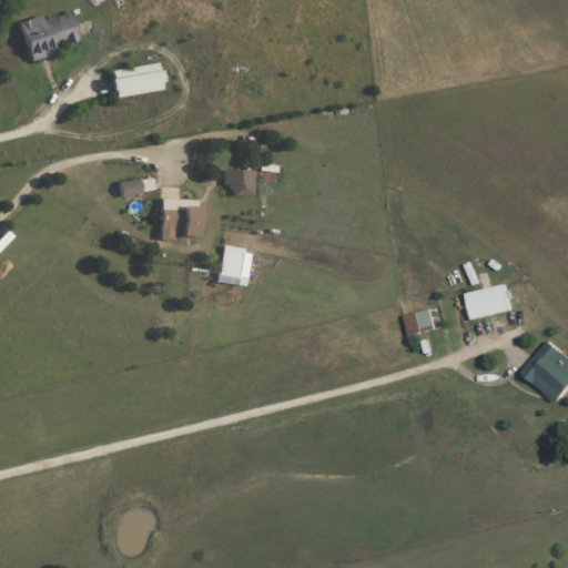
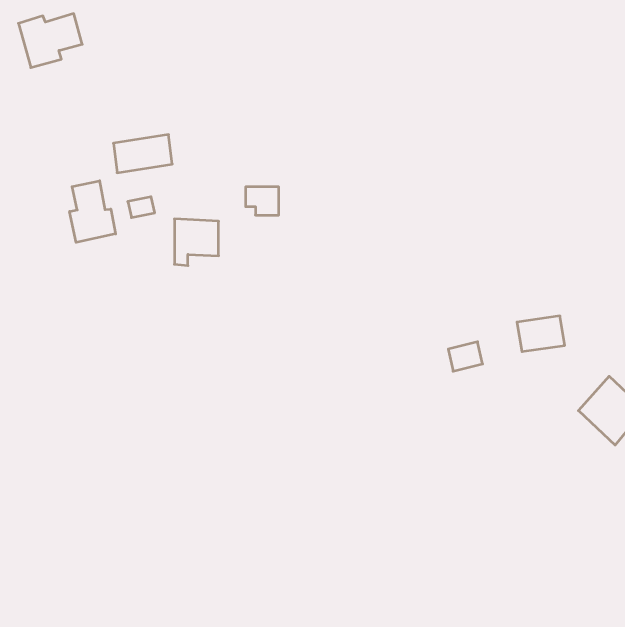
building: [109,62,162,97] -> [113,135,172,173]
building: none -> [70,181,116,242]
building: [216,246,251,286] -> none

